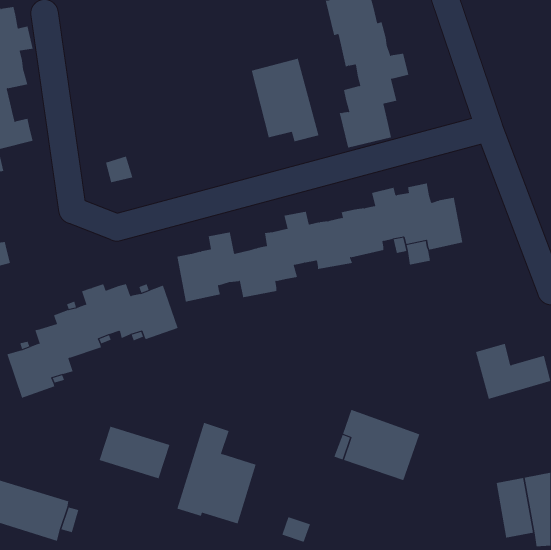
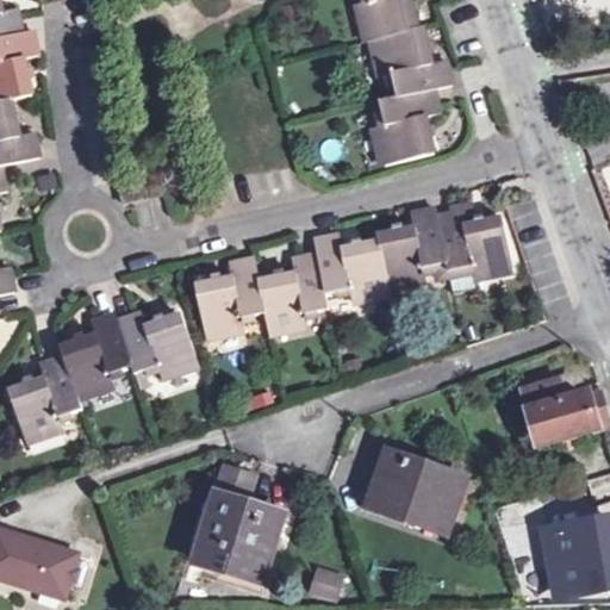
building: [251,58,319,142] -> none
building: [99,426,170,479] -> none

